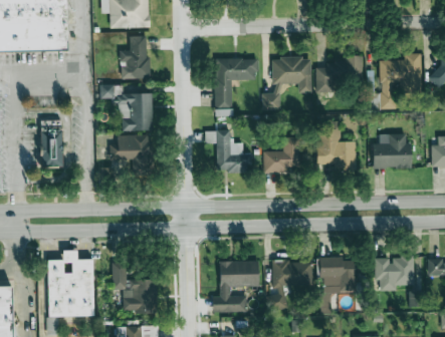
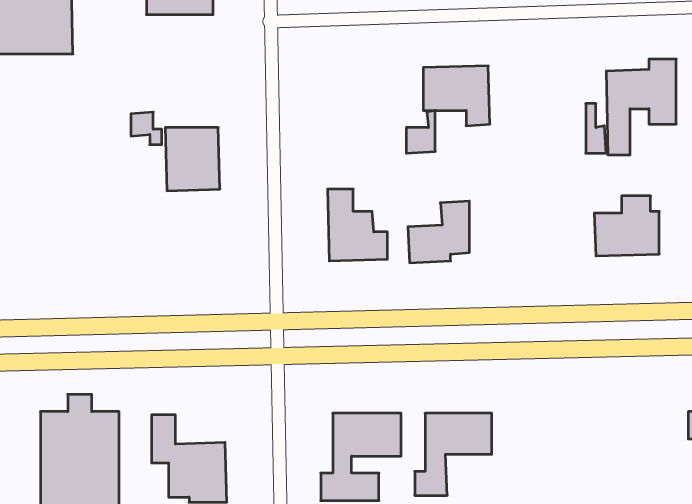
building: [122,37,149,78] -> none
building: [315,55,362,92] -> none
building: [215,58,257,107] -> none
building: [40,119,63,167] -> none
building: [315,121,356,170] -> none
building: [109,134,153,175] -> none
building: [374,256,414,290] -> none
building: [320,258,356,293] -> none

